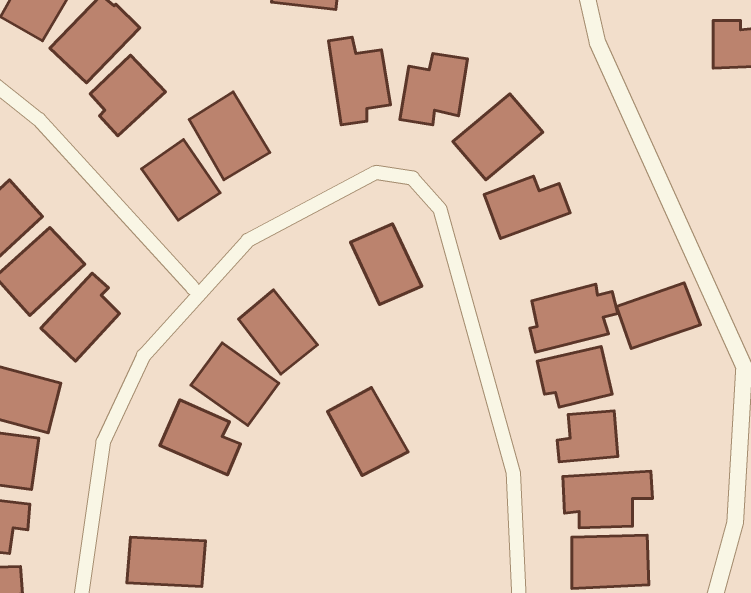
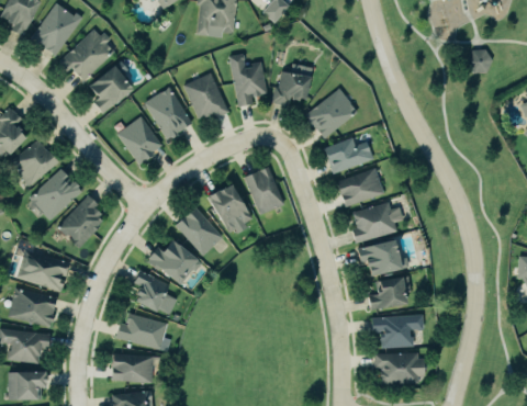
building: none -> [183,71,229,120]
building: [616,283,701,349] -> [335,168,385,207]
building: [327,388,408,476] -> [205,182,254,235]
building: none -> [114,313,171,351]

